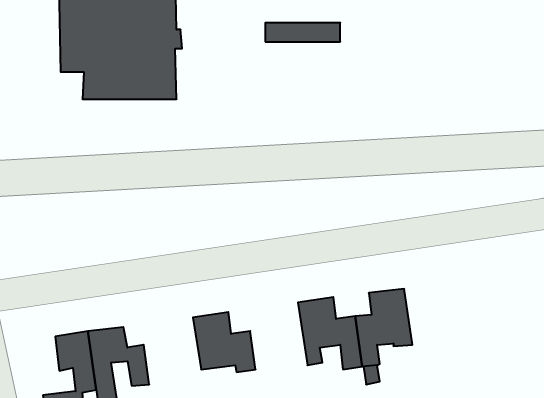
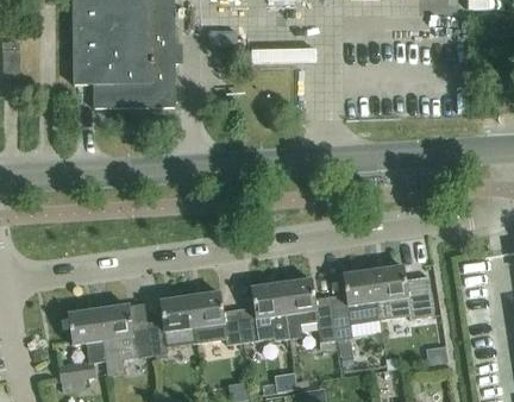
building: none -> [374,266,434,320]
building: none -> [239,283,289,341]
building: none -> [146,296,196,354]

